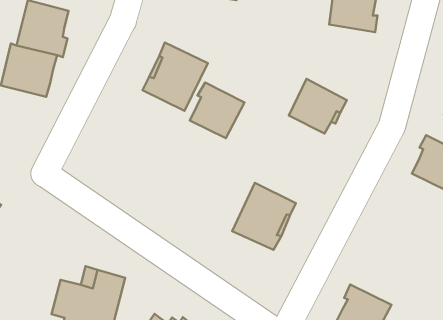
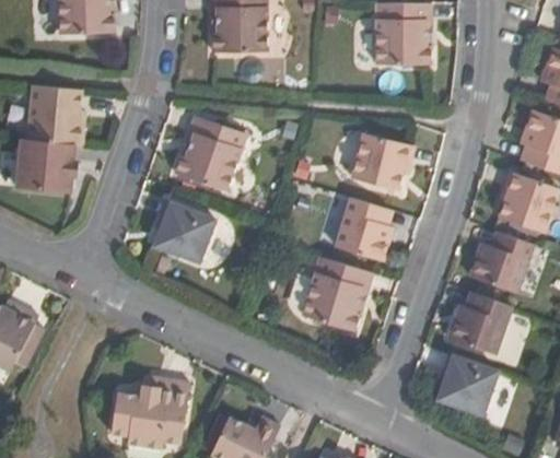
building: [190,82,245,138] -> [155,200,214,260]
building: none -> [335,193,390,257]
building: none -> [470,233,533,294]
building: none -> [448,295,512,355]

